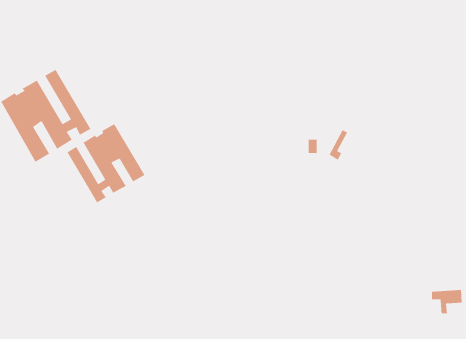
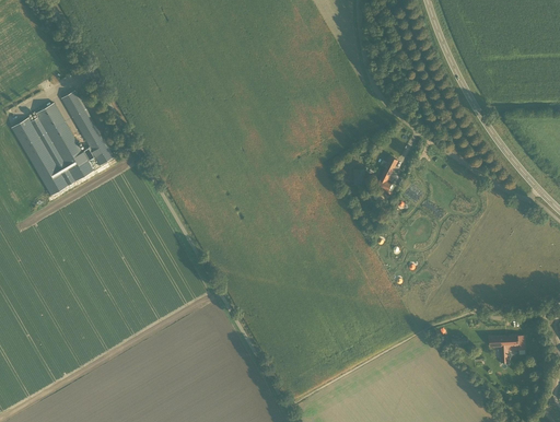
building: [66,123,146,204] -> none

